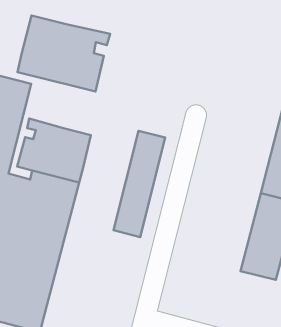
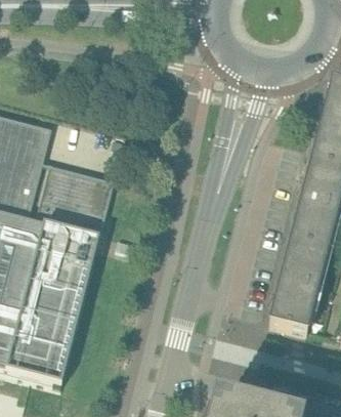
building: [18,16,110,91] -> none
building: [114,131,165,237] -> none

